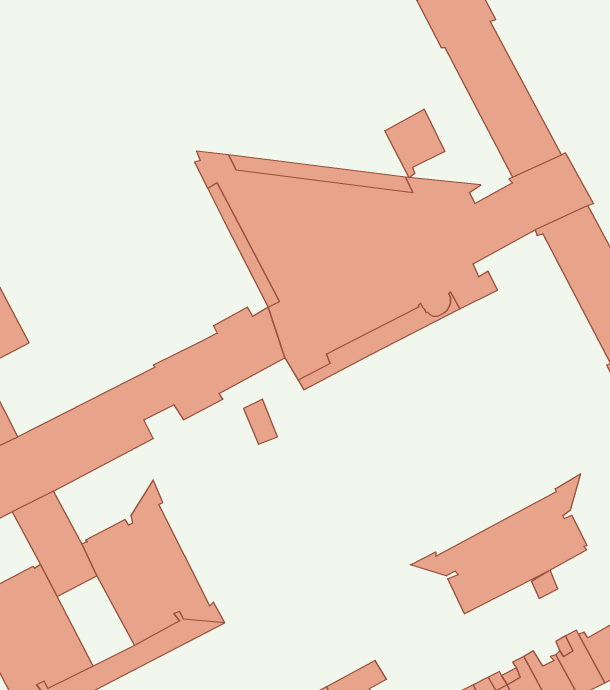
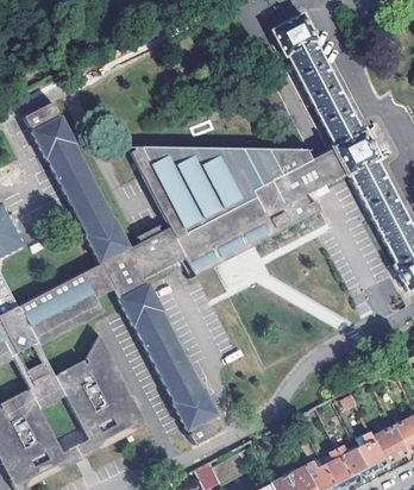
building: [385,109,445,178] -> none
building: none -> [25,103,130,263]
building: none -> [118,282,222,441]
building: [410,474,587,614] -> none

